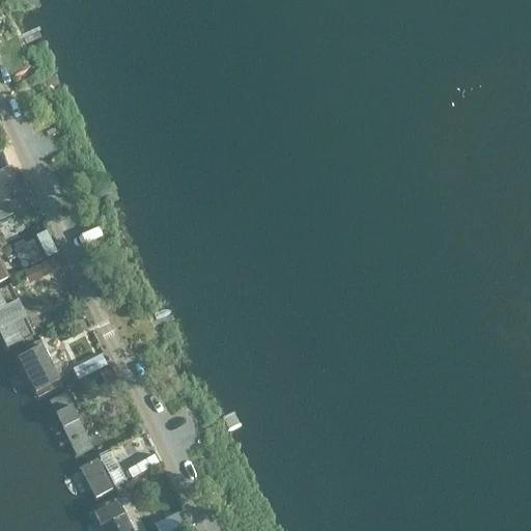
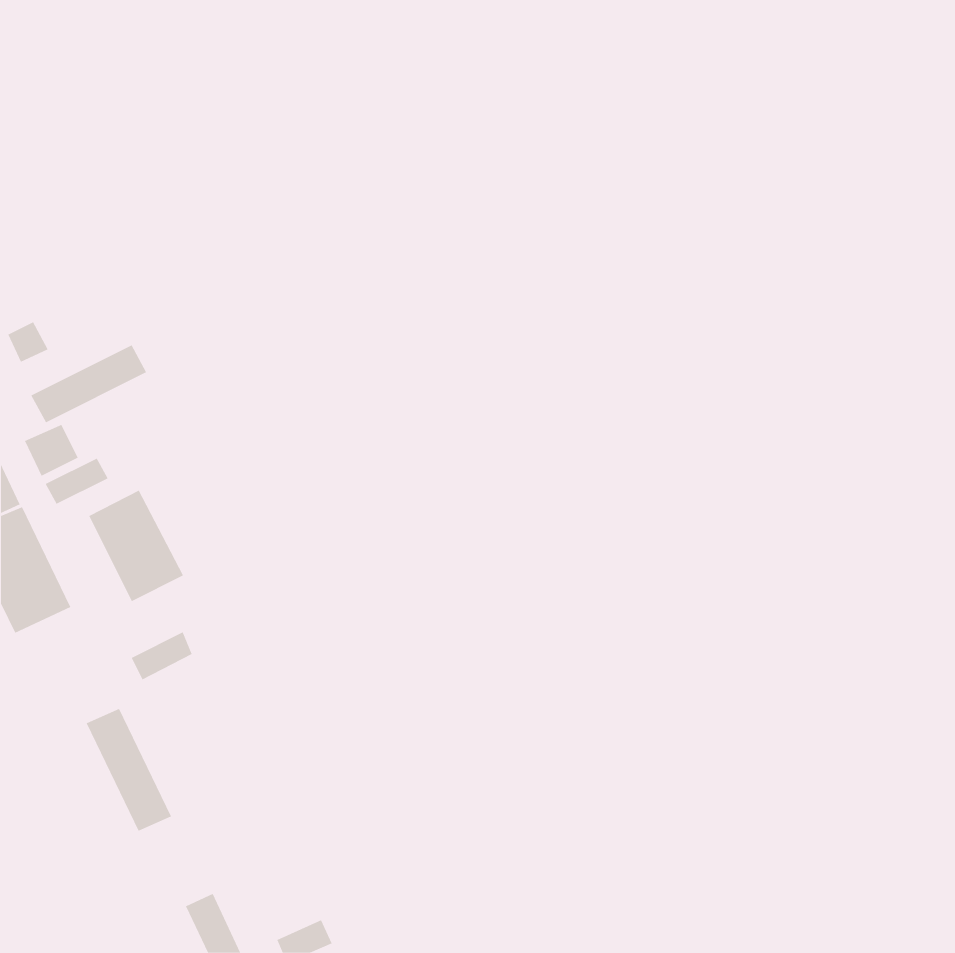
building: none -> [31,345,147,423]
building: [12,340,65,402] -> [89,490,184,602]
building: [78,456,115,500] -> none

